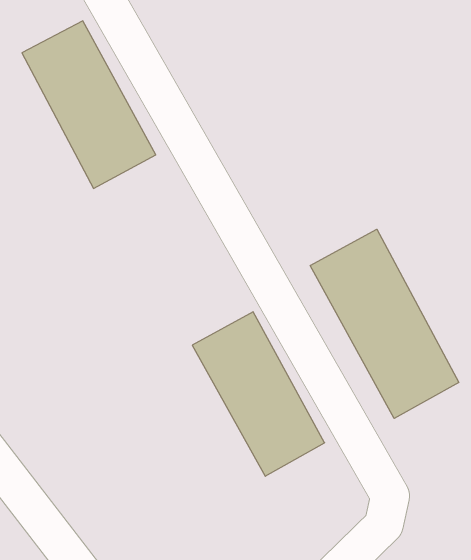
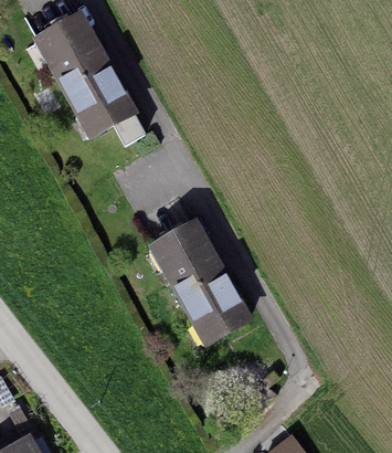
building: [310,229,459,418] -> none

